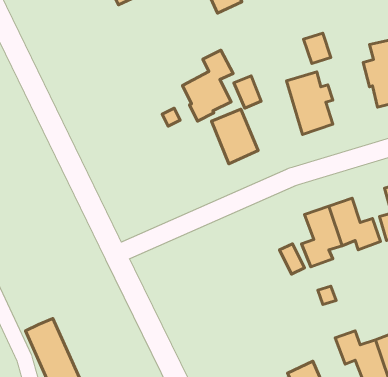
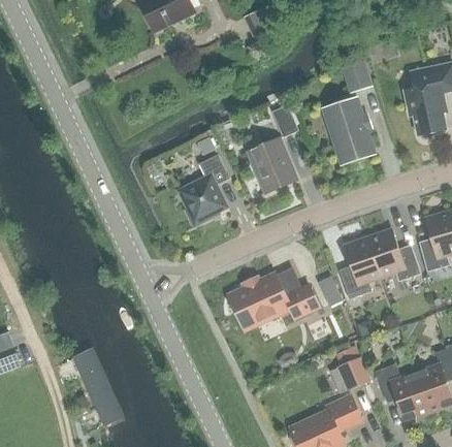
building: [182,50,233,121] -> [179,154,230,226]
building: none -> [229,274,319,327]
building: none -> [336,345,372,390]

